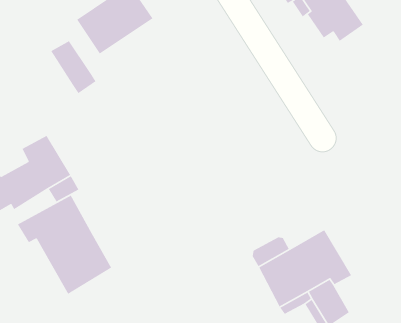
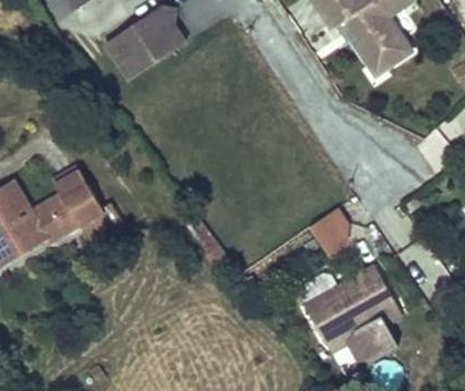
building: [50,40,96,94] -> none
building: none -> [310,205,359,254]
building: [17,195,112,295] -> none

